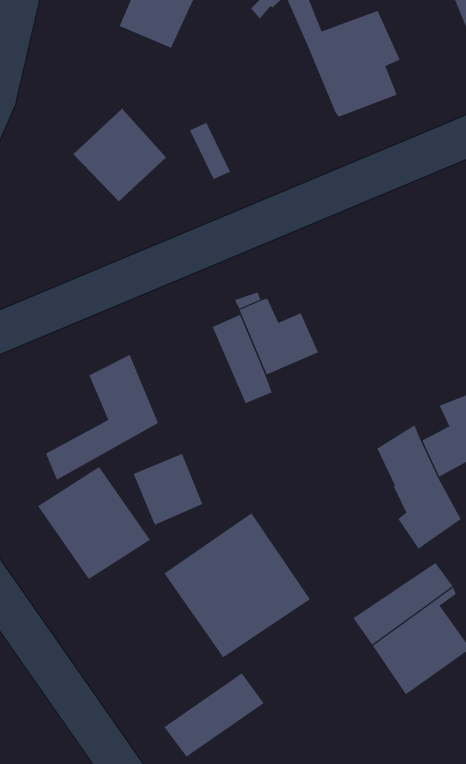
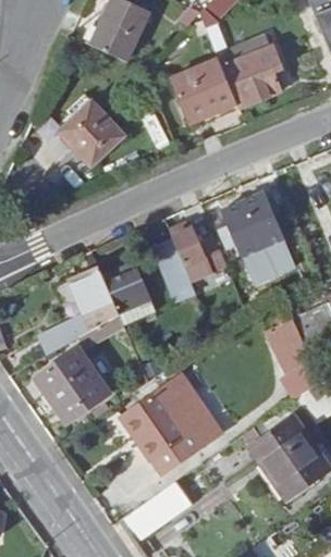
building: none -> [172,57,237,123]
building: none -> [220,196,292,282]
building: [133,453,203,525] -> [103,267,151,315]

